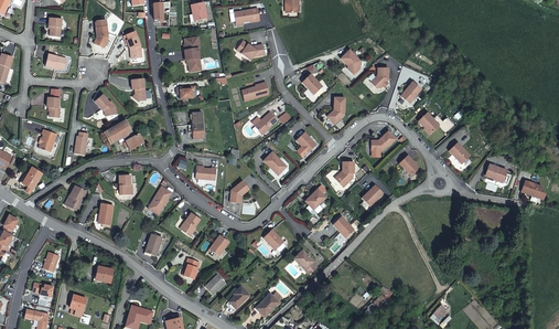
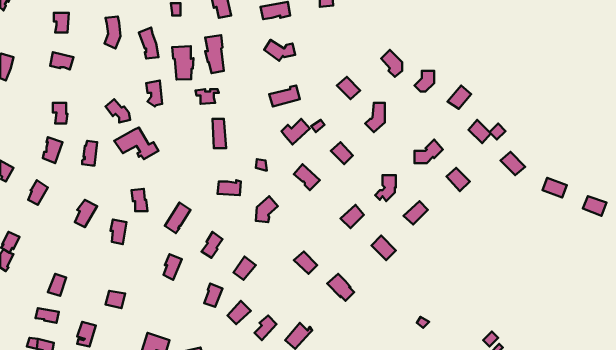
building: none -> [172,46,194,79]

